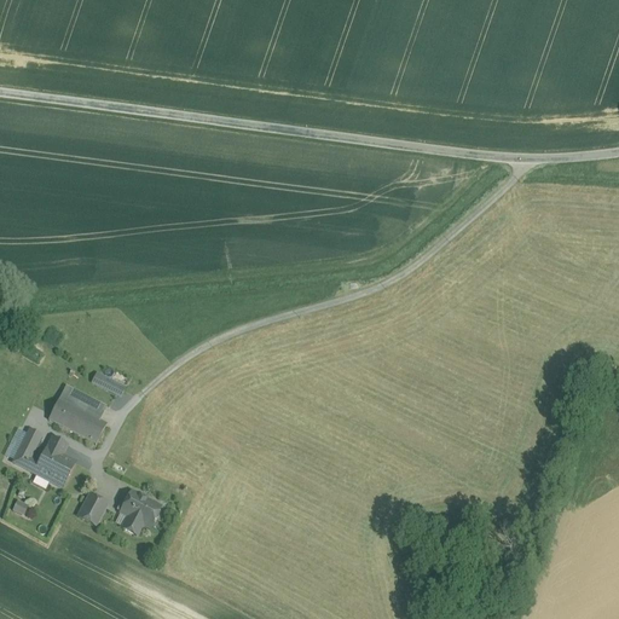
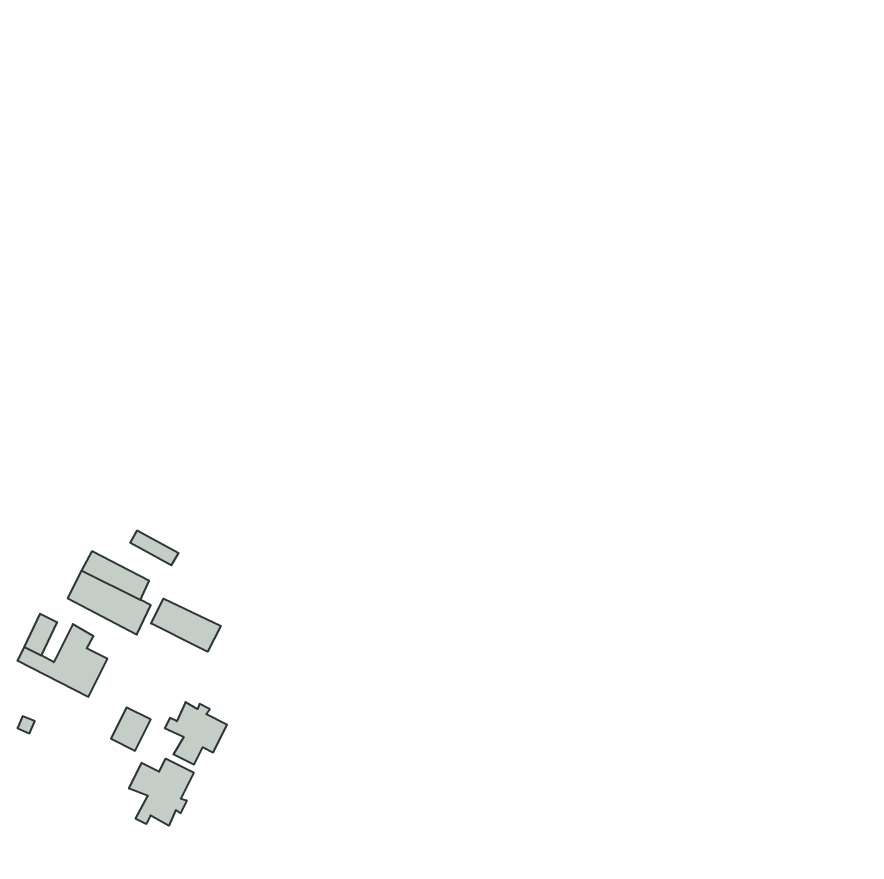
building: none -> [151,599,221,652]
building: none -> [129,759,194,826]

